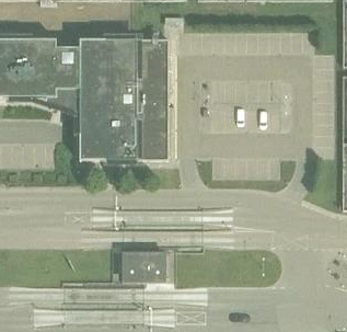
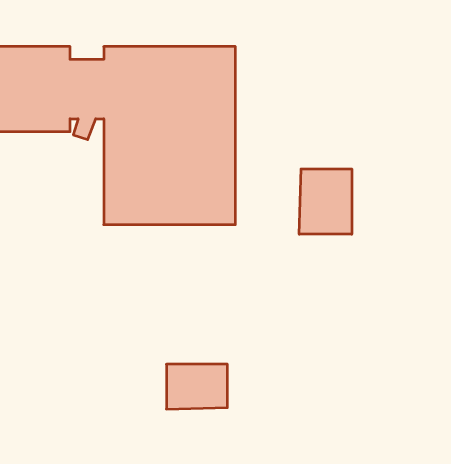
building: none -> [299,169,352,234]

